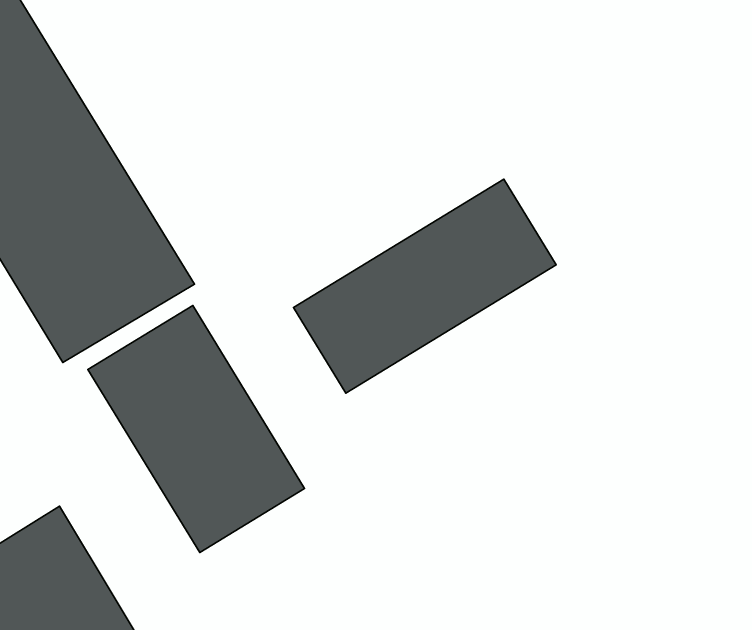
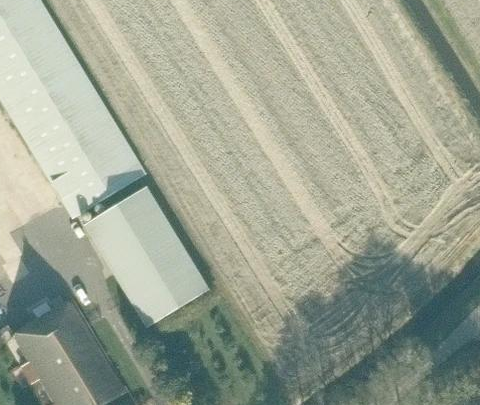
building: [293,179,556,393] -> none

